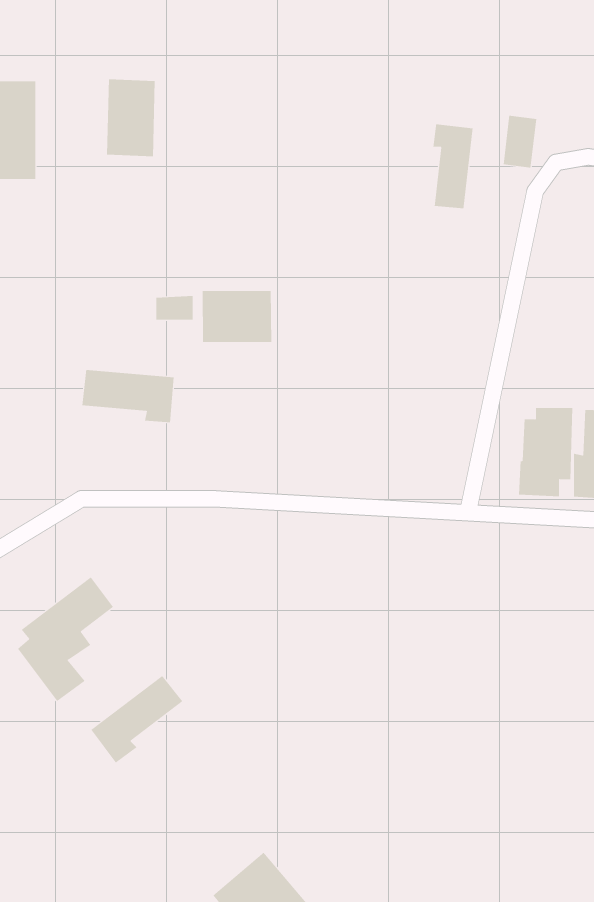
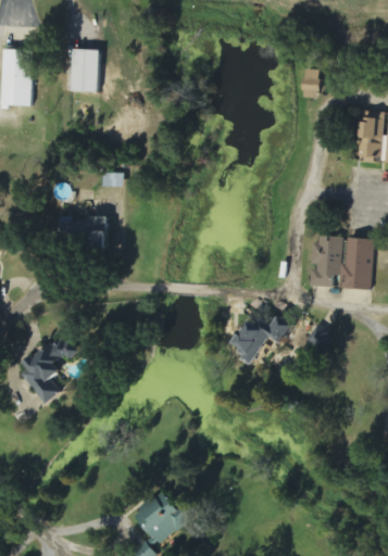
building: [433,123,473,209] -> none
building: [202,290,272,343] -> none
building: none -> [237,316,301,363]
building: [90,675,183,763] -> none

